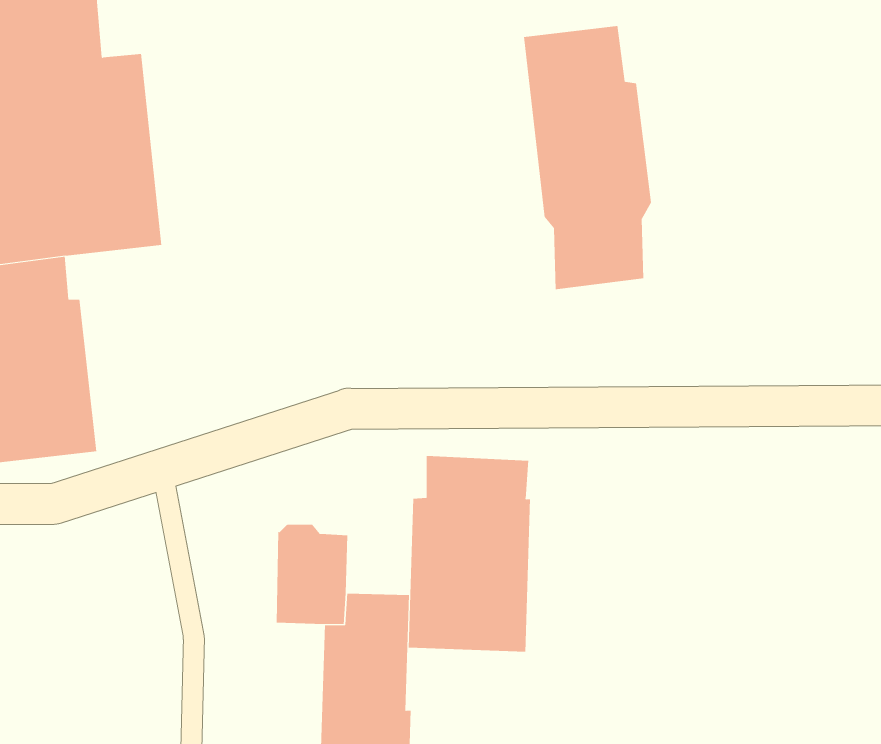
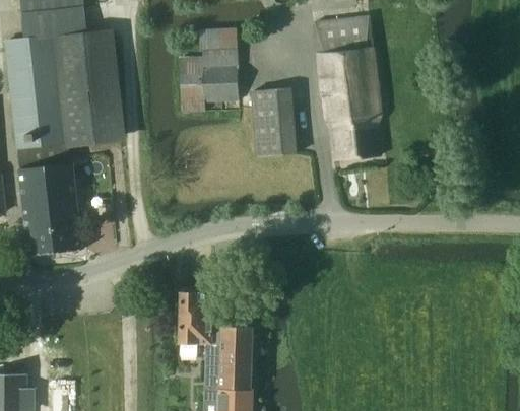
building: none -> [179,27,238,112]
building: none -> [252,88,297,156]
building: [408,455,530,652] -> none

